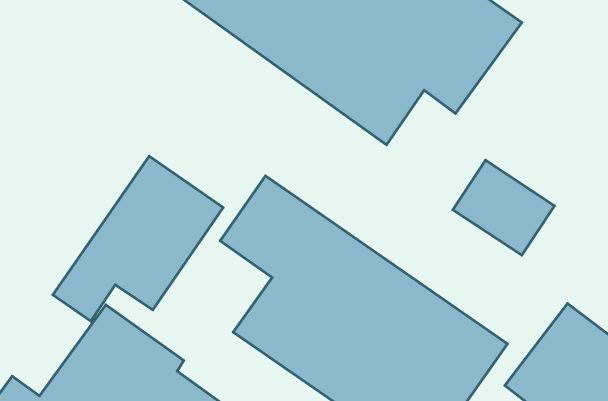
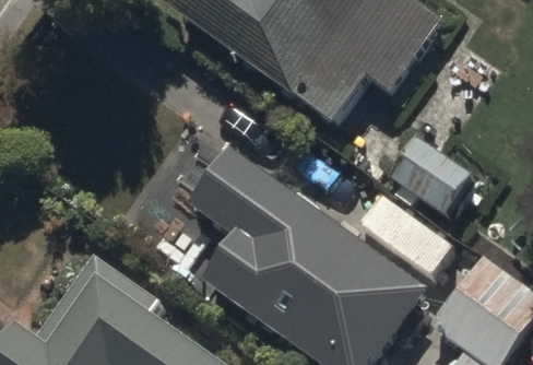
building: [53,156,223,321] -> none

